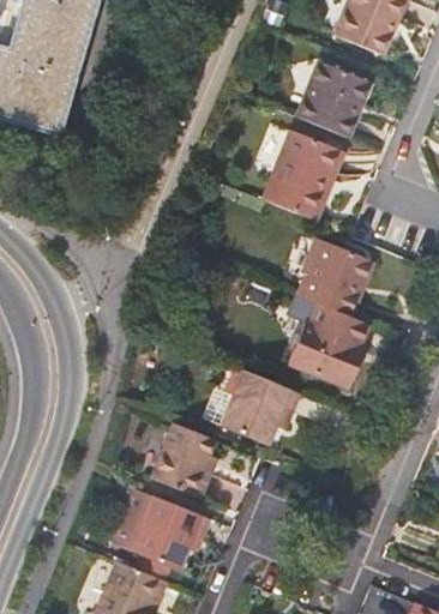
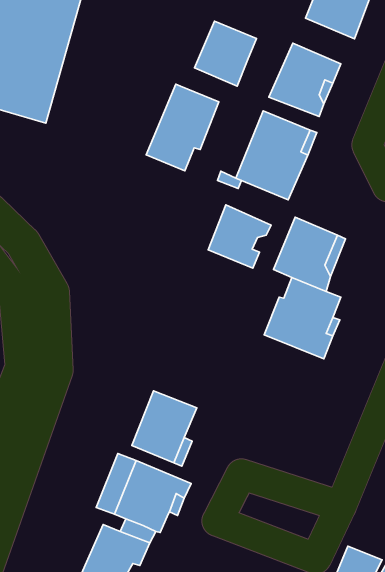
building: none -> [194,21,256,86]
building: none -> [146,84,219,171]
building: none -> [208,205,271,268]
building: [222,366,302,445] -> none

